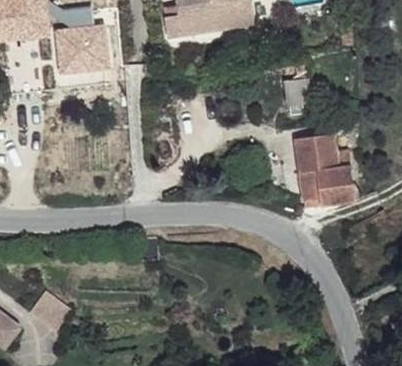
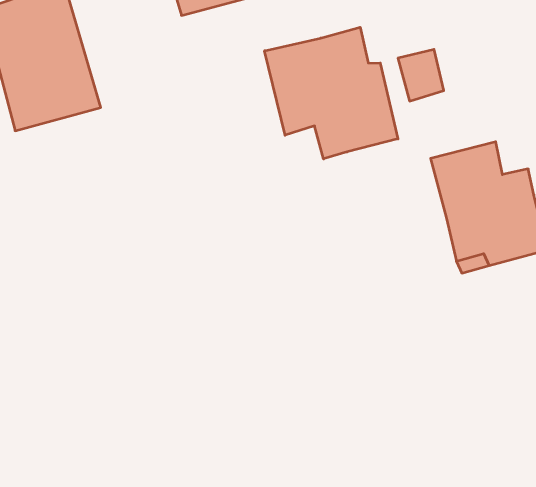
building: none -> [265,27,398,159]

